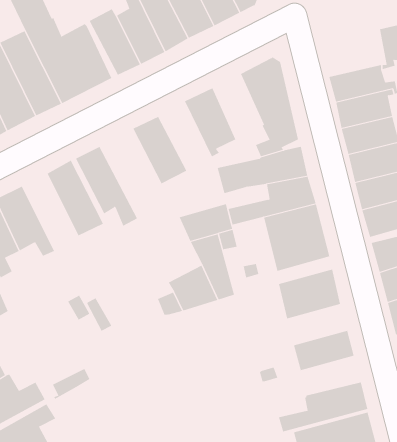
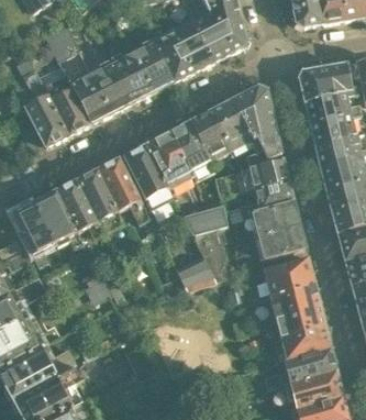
building: none -> [298,63,350,101]
building: none -> [210,99,251,152]
building: none -> [169,121,209,175]
building: none -> [122,143,173,208]
building: none -> [56,179,101,240]
building: none -> [269,285,319,318]
building: none -> [280,327,330,358]

